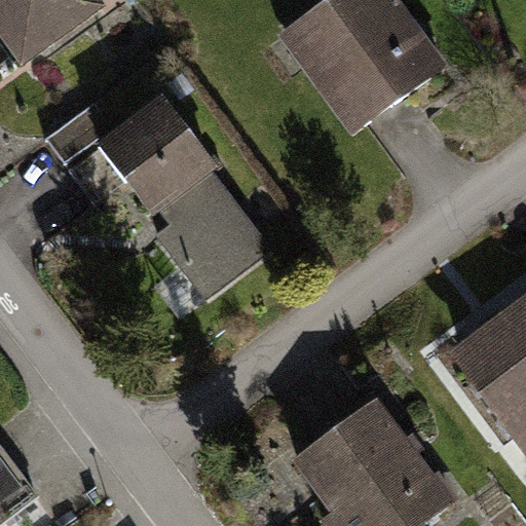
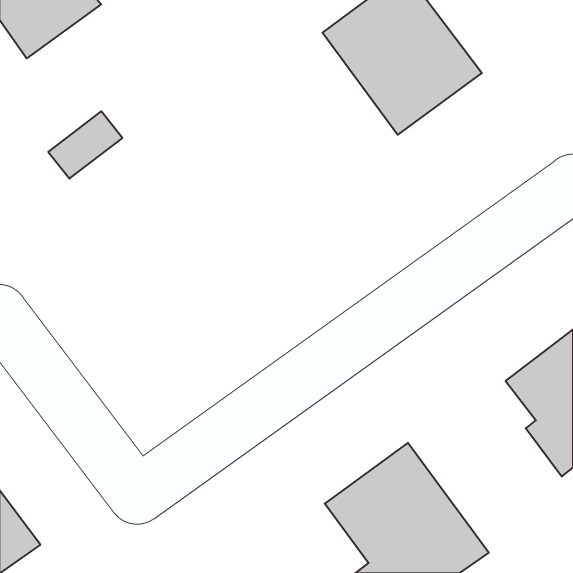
building: [69,100,267,298] -> none

